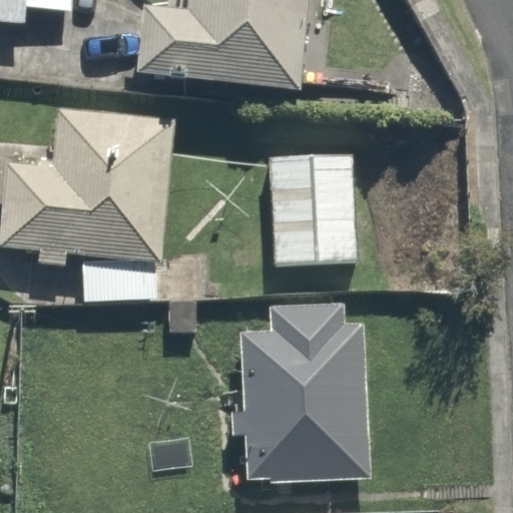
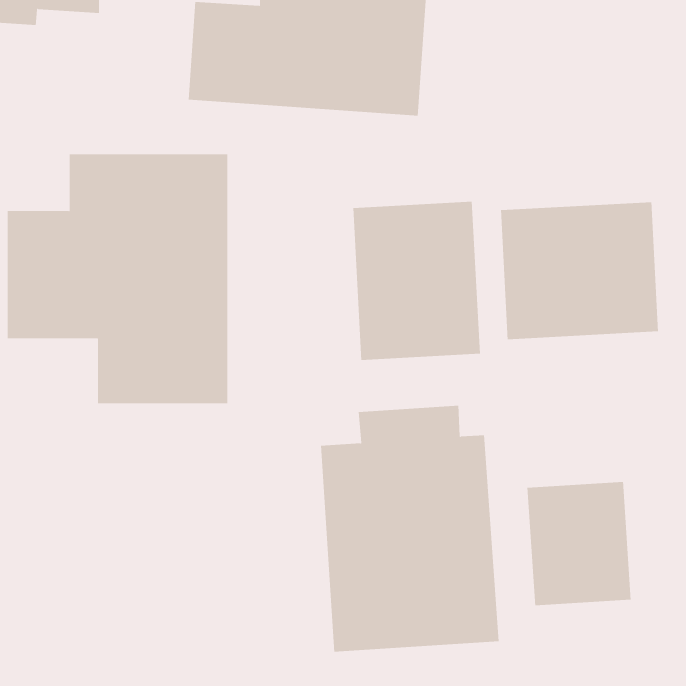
building: none -> [501,202,658,340]
building: none -> [527,481,631,606]

